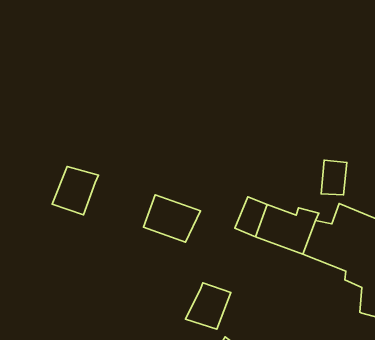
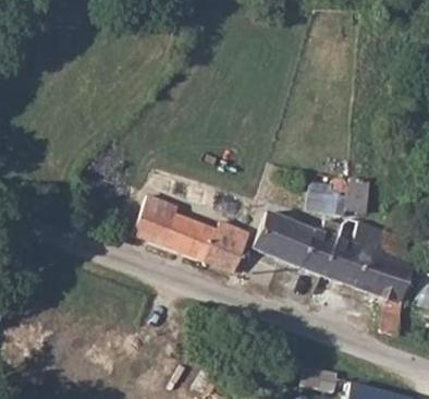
building: none -> [306,178,345,220]
building: [52,166,98,215] -> [131,196,177,245]
building: [186,283,231,329] -> [205,223,250,270]

